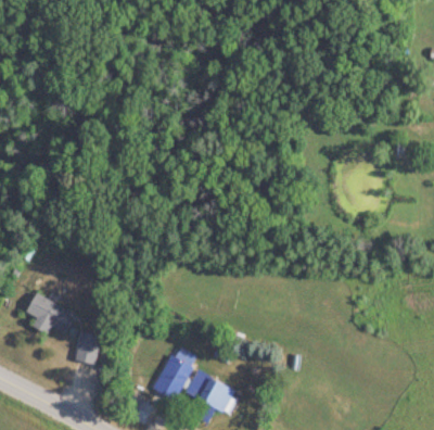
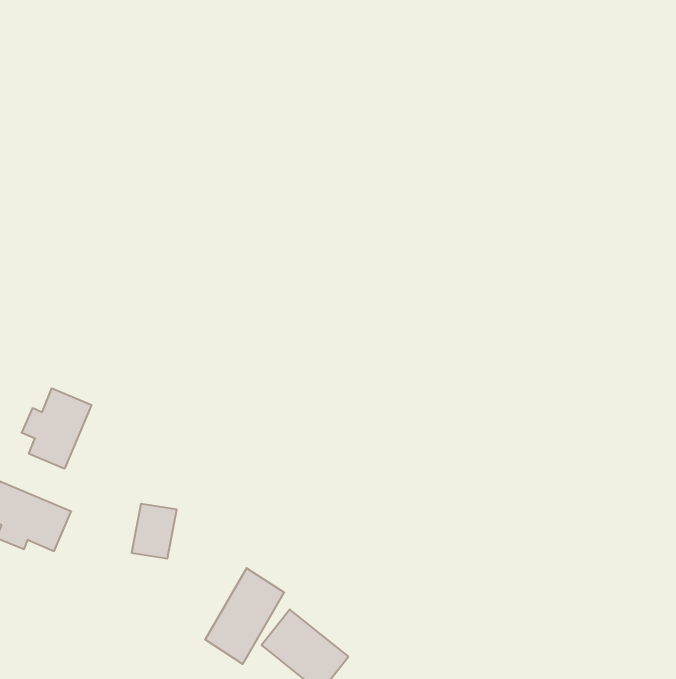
building: none -> [22,388,91,469]
building: [75,331,101,363] -> [132,504,177,559]

